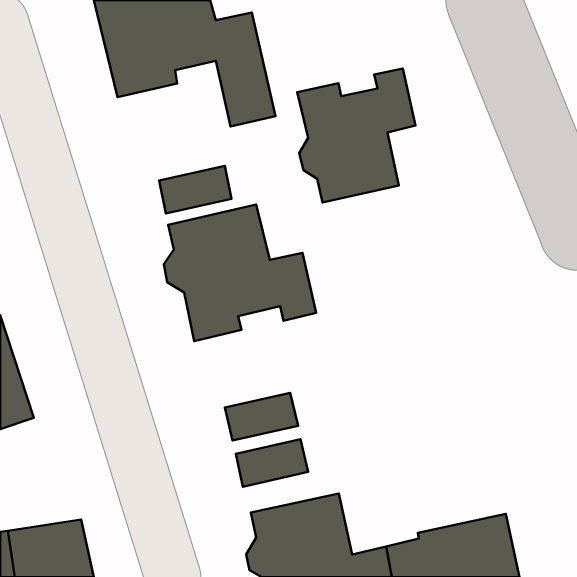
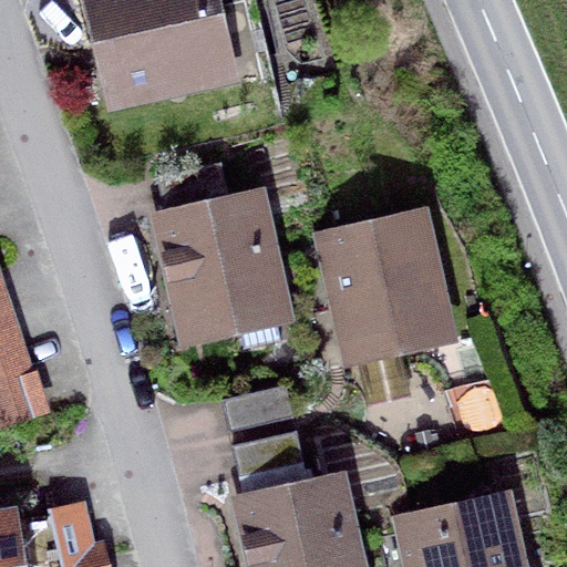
building: [297,69,416,202] -> none
building: none -> [297,220,441,344]

